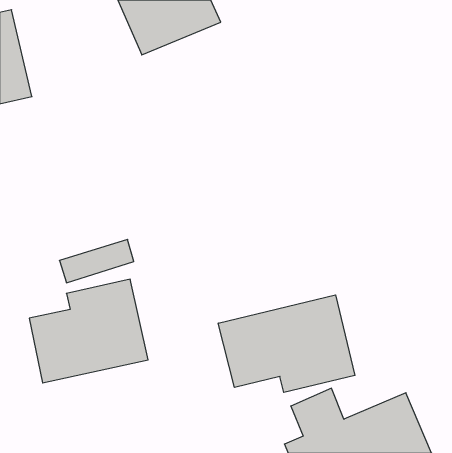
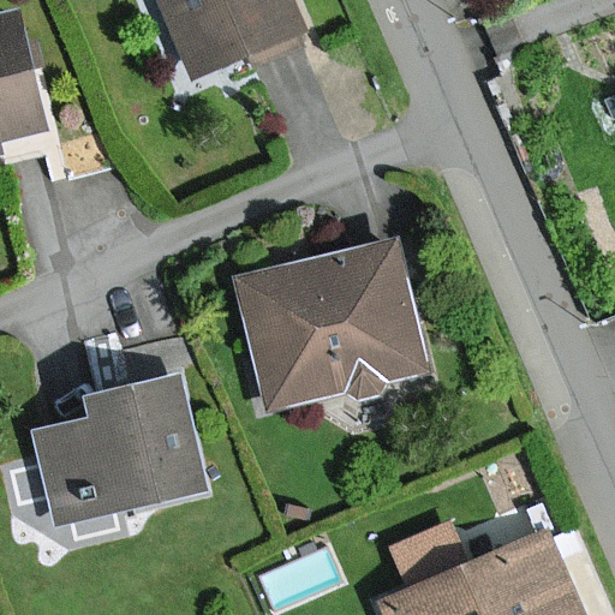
building: none -> [237,239,428,408]
building: [218,295,355,392] -> none

